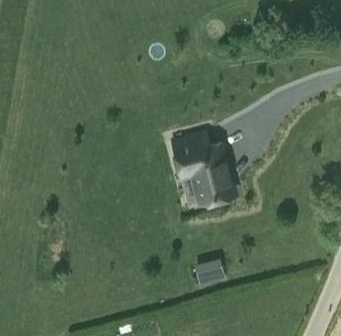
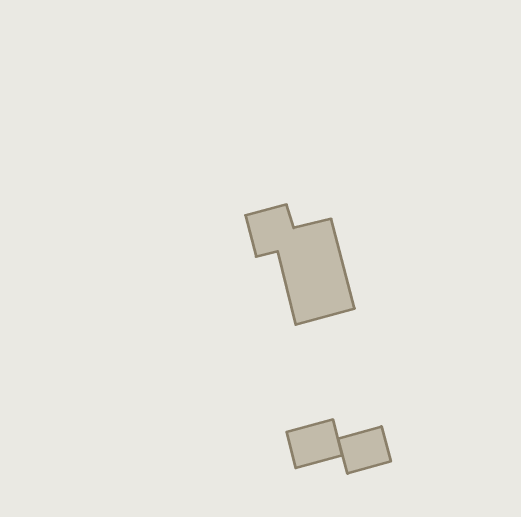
building: none -> [338,426,391,474]

